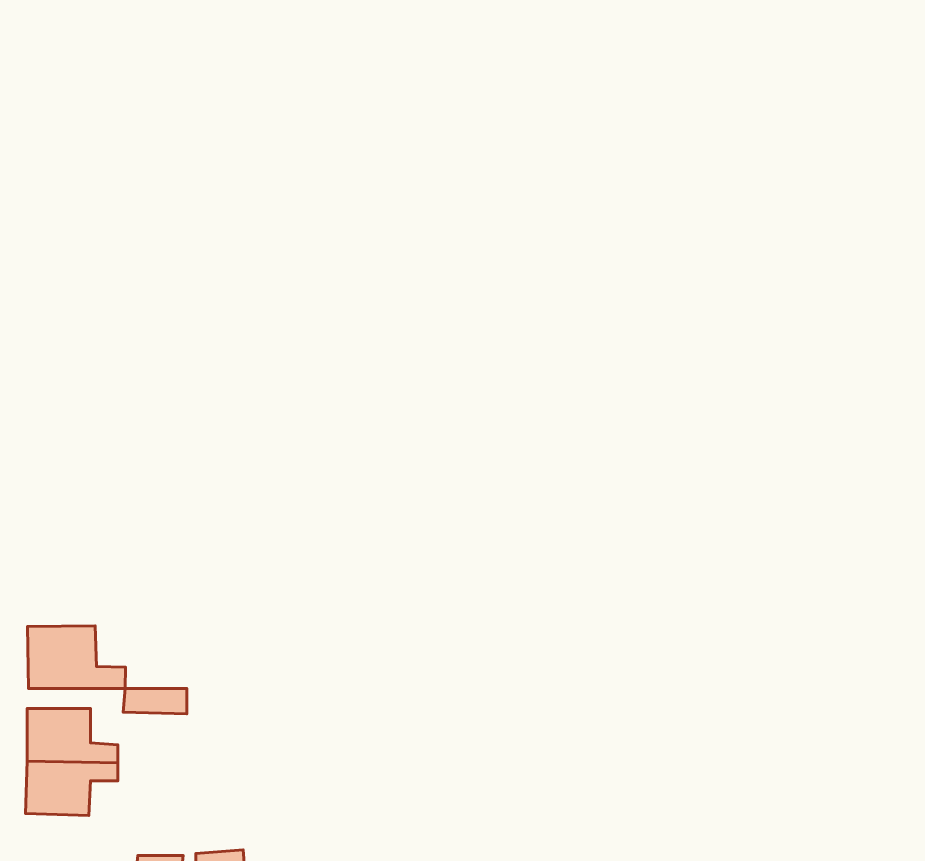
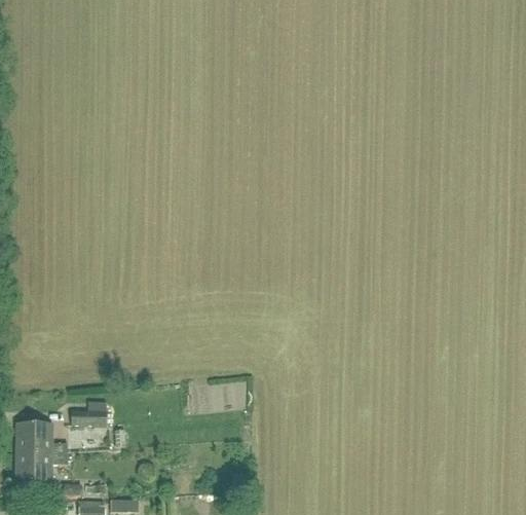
building: [28,626,126,688] -> none

